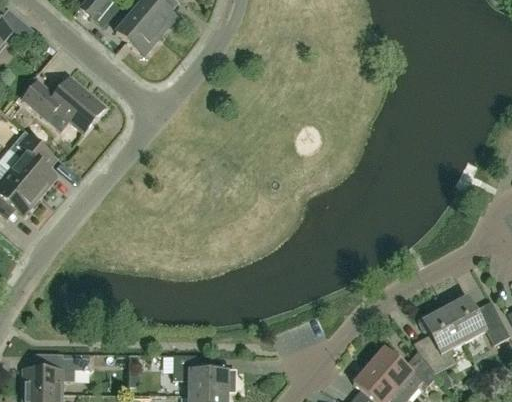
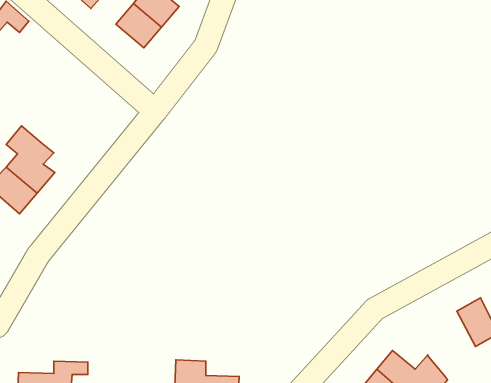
building: [22,76,105,133] -> none
building: [417,307,463,372] -> none

